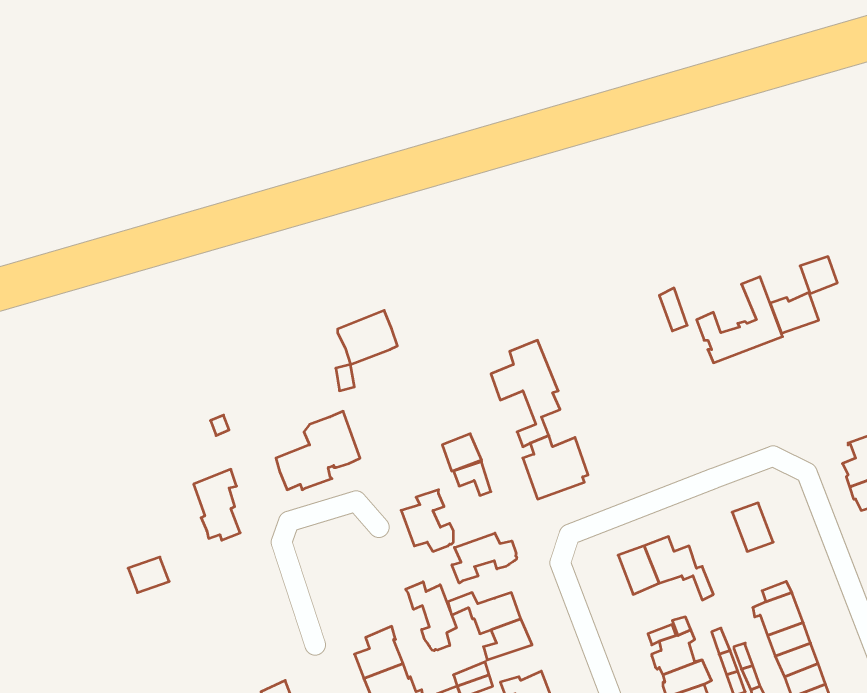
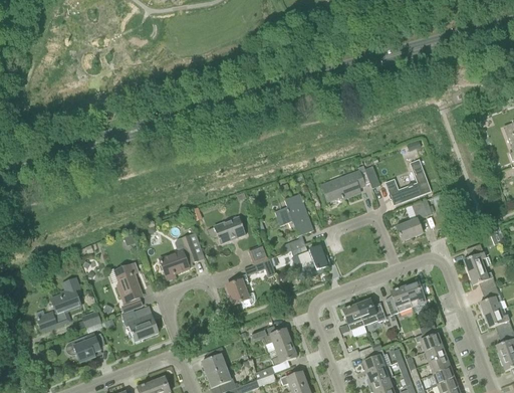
building: [770,257,837,333] -> [396,199,432,240]
building: none -> [321,171,364,200]
building: [338,310,397,365] -> [213,214,245,243]
building: none -> [36,277,80,331]
building: none -> [384,285,412,330]
building: [452,533,517,583] -> none
building: none -> [120,310,158,341]
building: [406,582,456,651] -> none
building: none -> [65,332,104,360]

